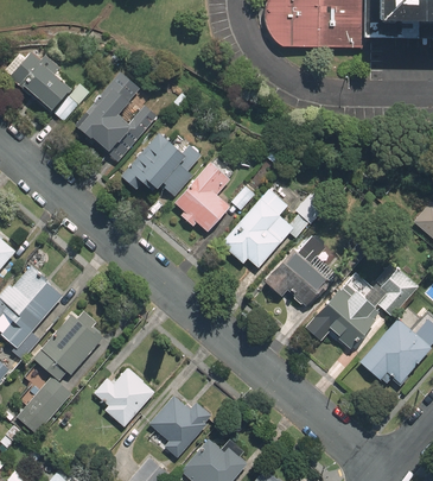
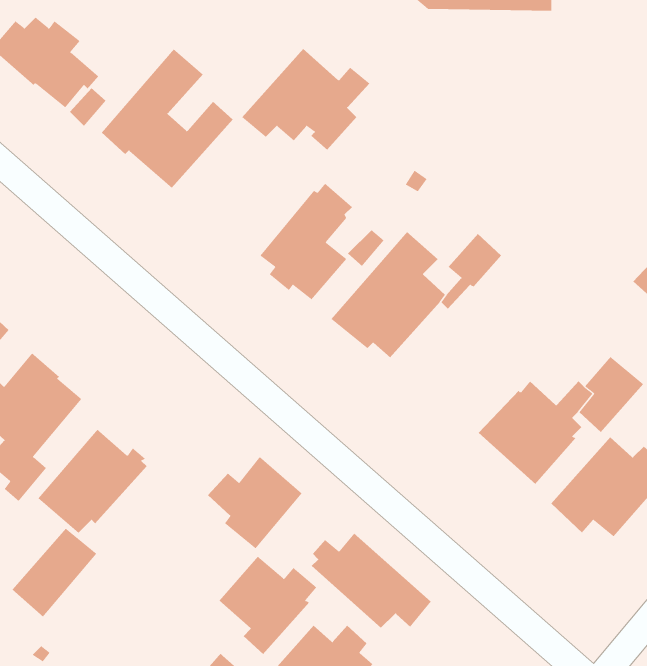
building: [120,132,202,197] -> [241,48,370,151]
building: [265,235,329,305] -> none
building: [94,367,154,426] -> [207,456,302,549]
building: none -> [311,533,431,629]

